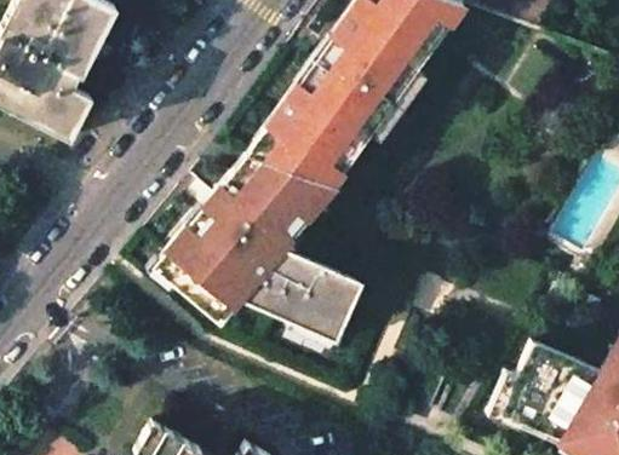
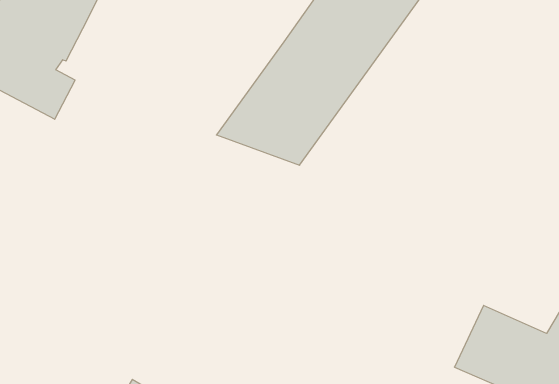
building: [150,157,359,341] -> none

